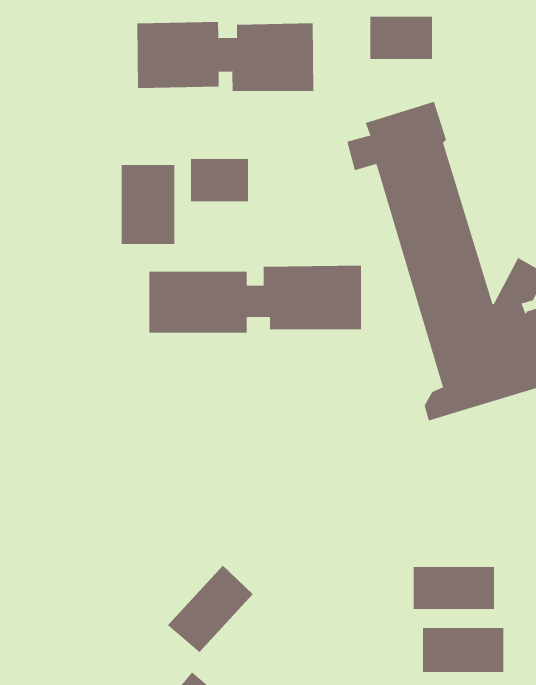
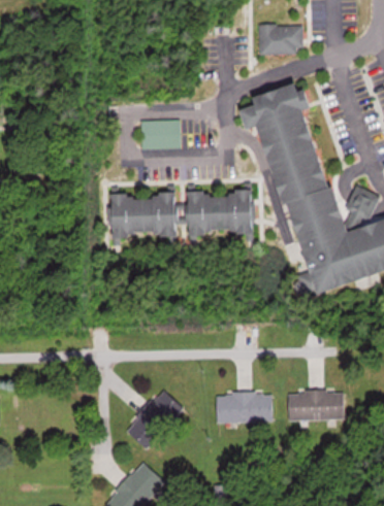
building: [137,21,314,92] -> none
building: [121,164,175,245] -> none
building: [422,628,504,672] -> [215,394,269,424]

